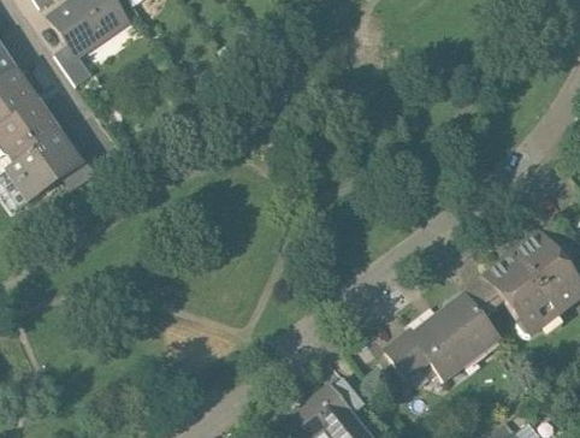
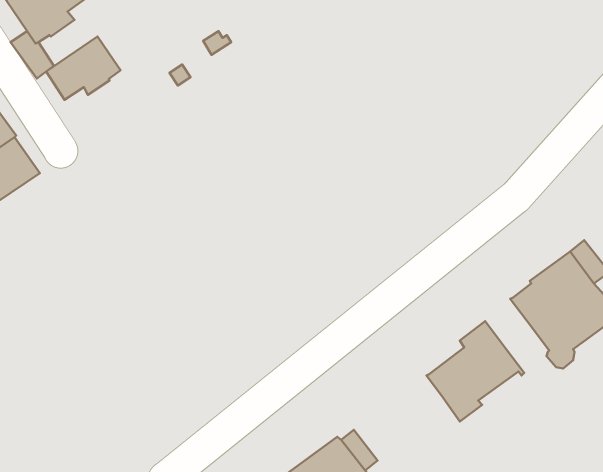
building: none -> [46,37,121,100]
building: [461,272,504,318] -> none
building: [385,331,427,377] -> none

